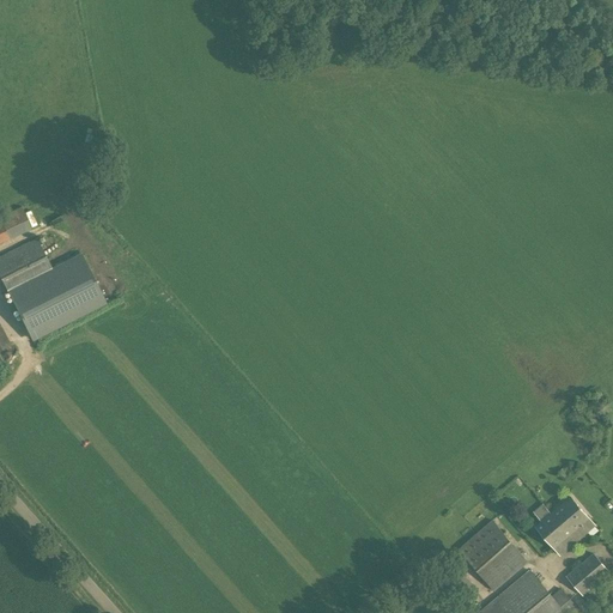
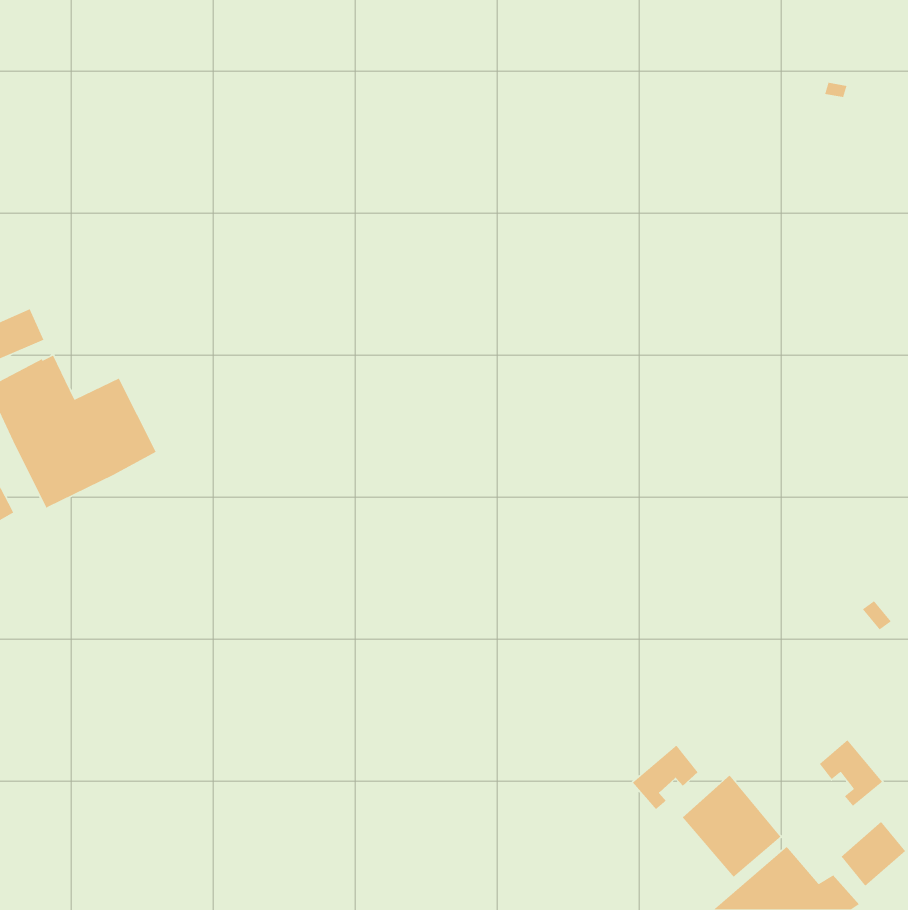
building: none -> [632,745,698,810]
building: [535,514,573,556] -> none

